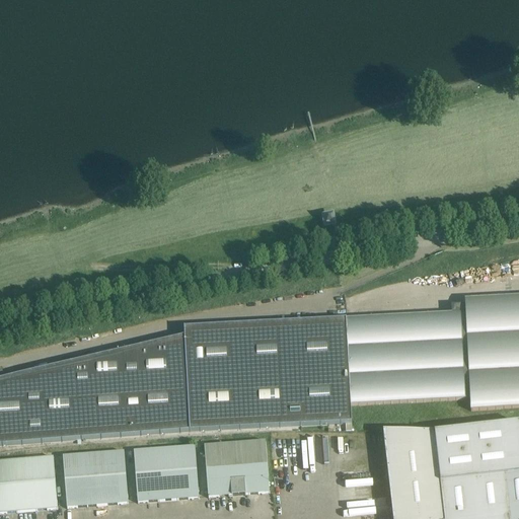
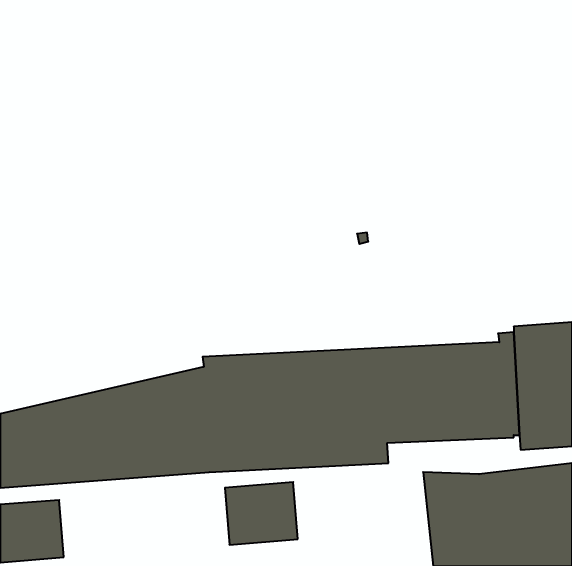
building: [134,443,199,499] -> none
building: [63,448,128,505] -> none

